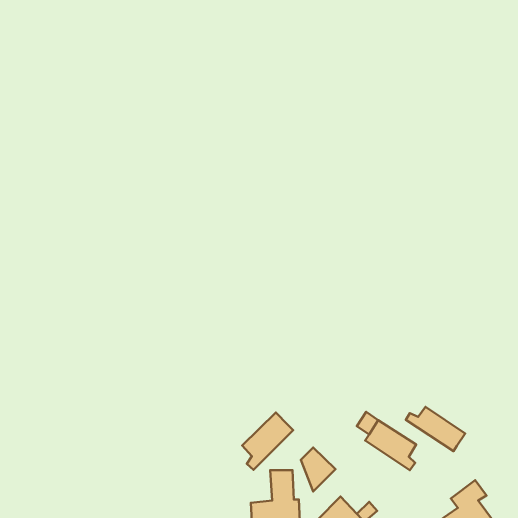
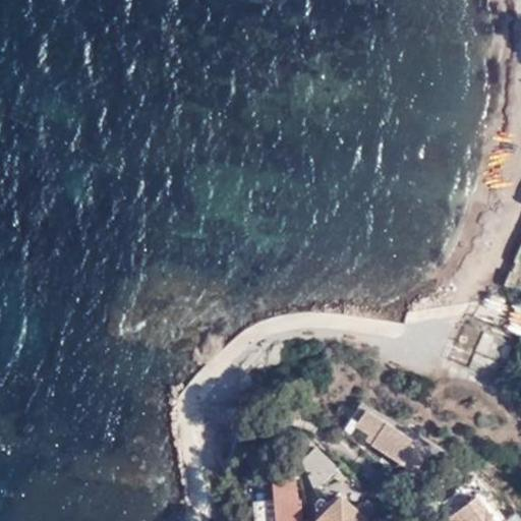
building: [406,407,465,451] -> none
building: [242,412,293,470] -> none

